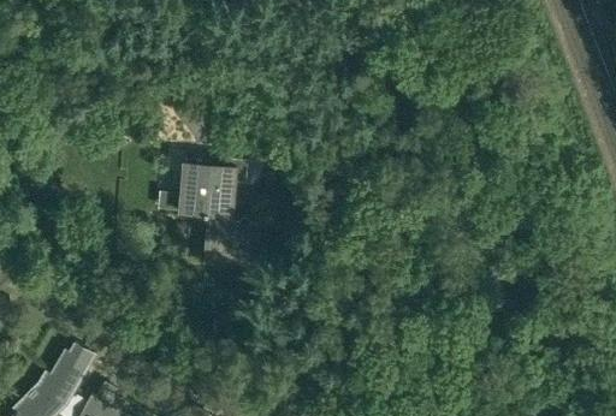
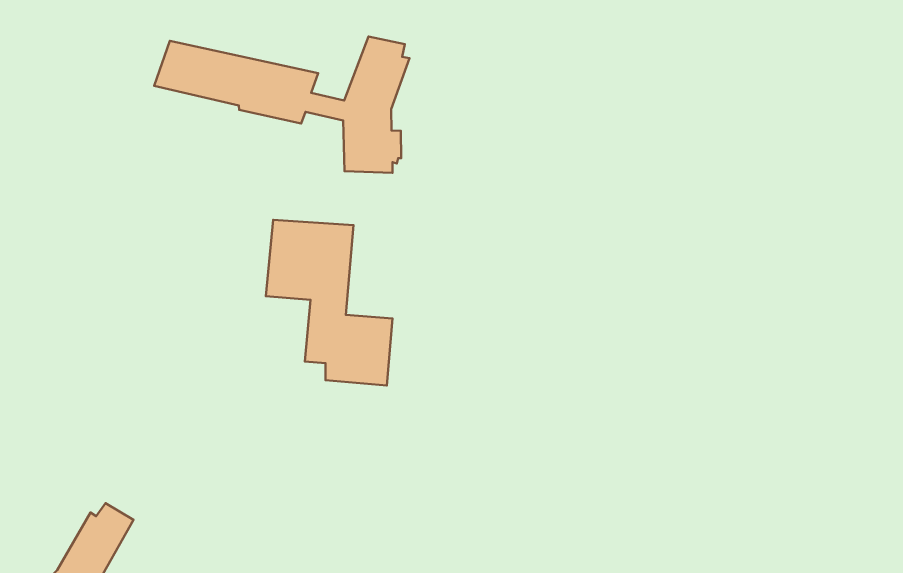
building: none -> [154,37,410,173]

